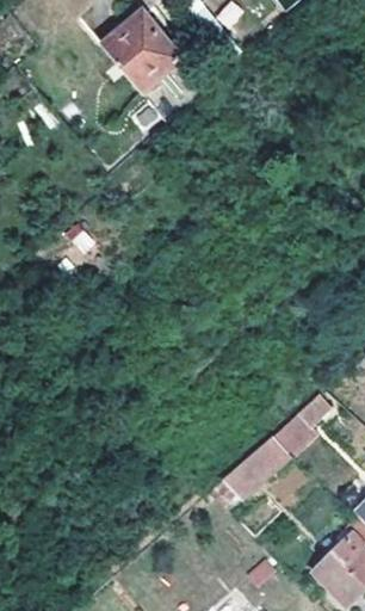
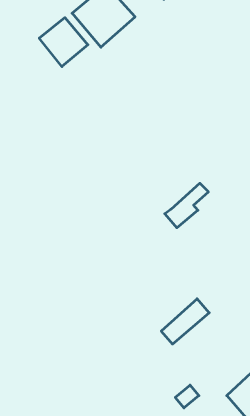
building: none -> [39,18,88,67]
building: [272,395,332,456] -> [165,183,208,228]

